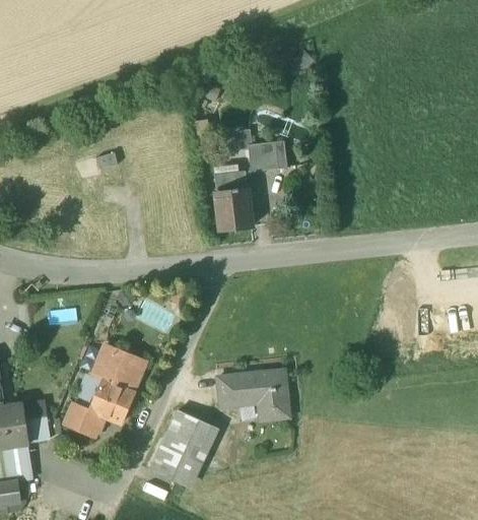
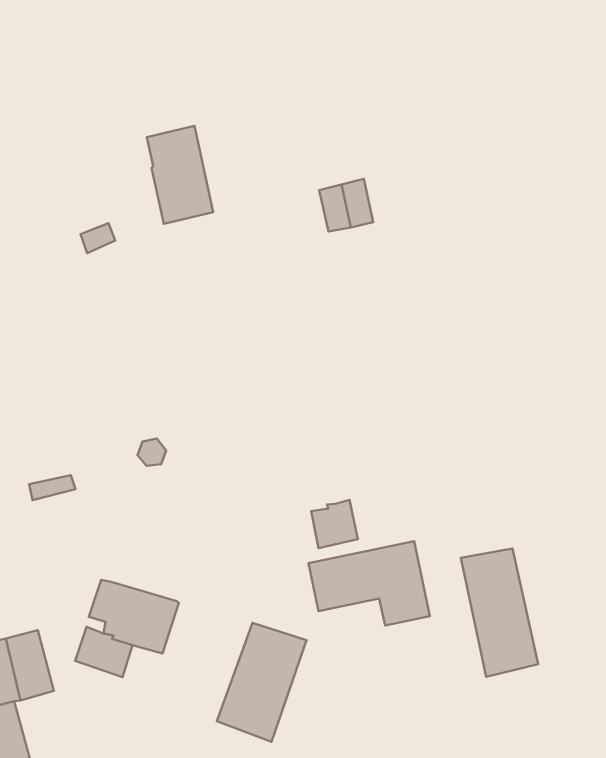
building: [215,171,252,230] -> [147,126,213,224]
building: none -> [311,500,358,548]
building: [93,346,145,392] -> none
building: none -> [461,549,538,677]

